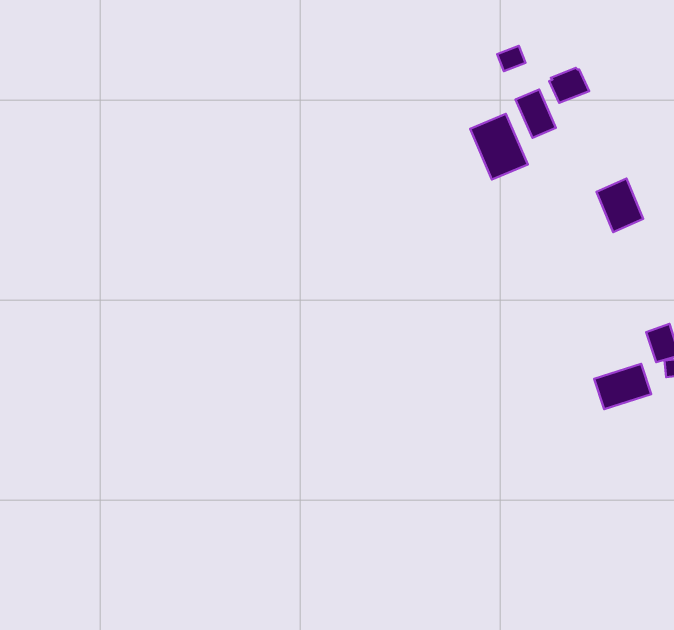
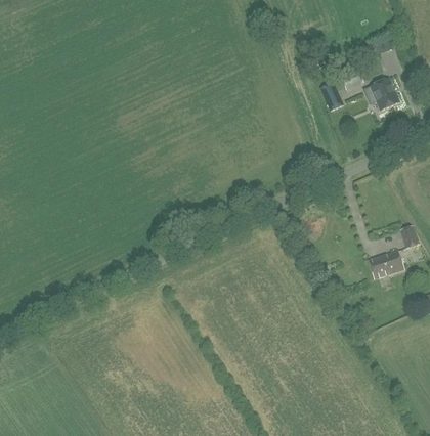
building: [470,114,528,180] -> none
building: [596,179,643,232] -> [371,78,399,111]

